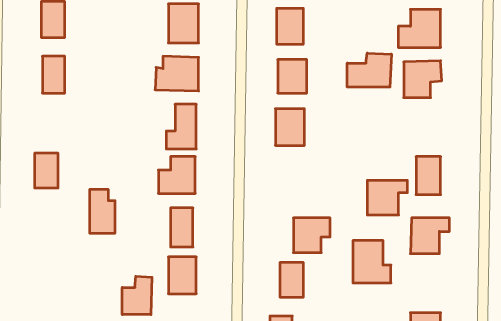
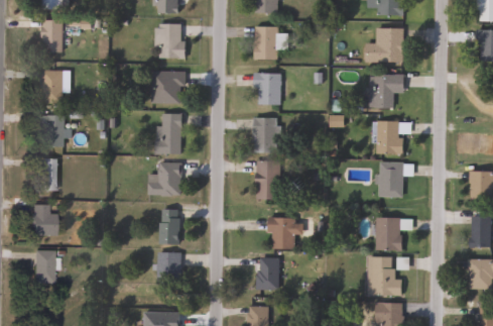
building: [347,53,391,87] -> none
building: none -> [41,115,65,147]
building: none -> [255,160,278,199]
building: [367,180,407,215] -> [374,122,410,153]
building: [90,190,115,233] -> [30,204,53,243]
building: [353,241,391,283] -> [367,256,401,295]
building: none -> [31,250,51,283]
building: [122,276,152,315] -> none

